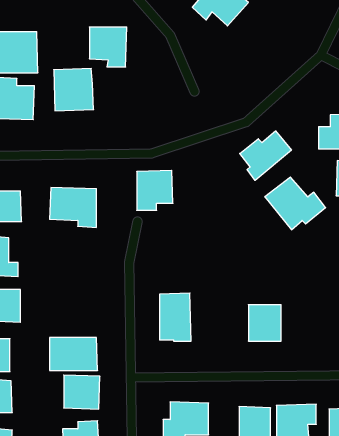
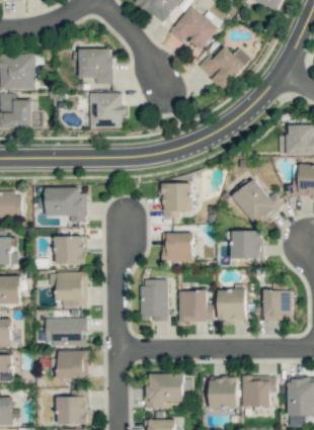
building: none -> [198,47,251,90]
building: [54,69,94,111] -> [89,92,124,128]
building: [240,131,291,180] -> none
building: [137,170,173,210] -> [162,183,193,218]
building: none -> [231,231,262,259]
building: none -> [162,233,192,261]
building: none -> [55,237,86,265]
building: none -> [50,272,88,307]
building: none -> [263,283,292,321]
building: none -> [178,290,214,322]

